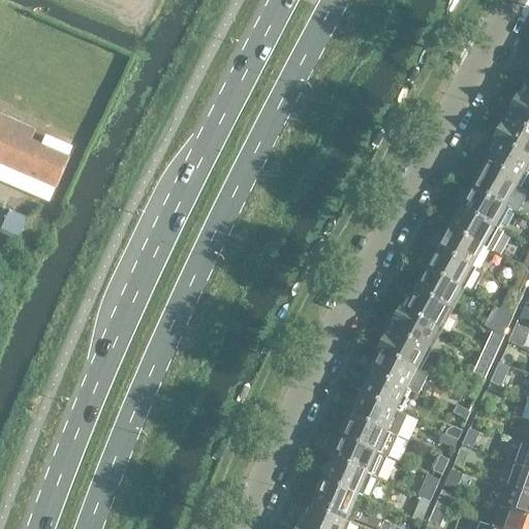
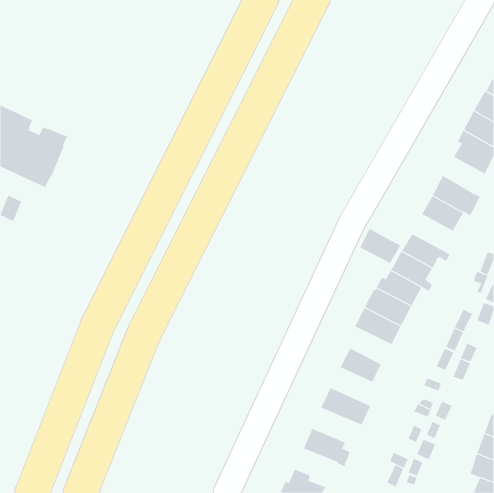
building: [472,167,518,207] -> none
building: [439,228,484,267] -> [360,228,401,264]
building: [372,348,418,388] -> none
building: [352,392,406,433] -> none
building: [333,435,378,472] -> none
building: [314,478,368,520] -> none

